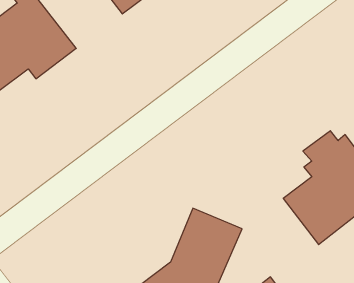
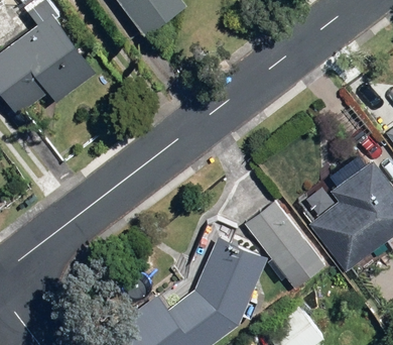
building: none -> [244,201,328,290]

